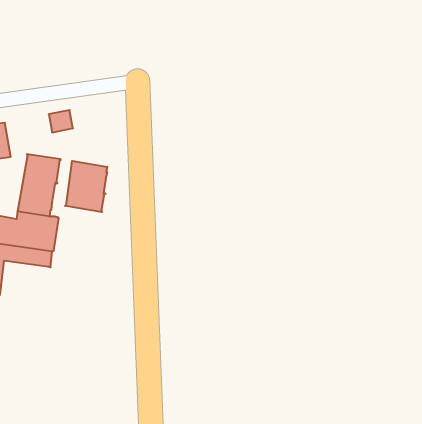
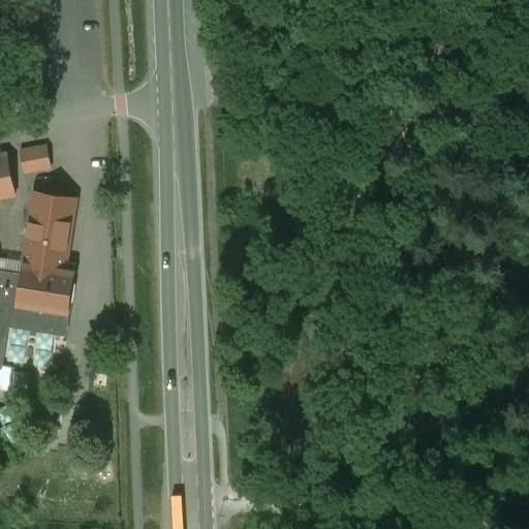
building: [49,110,73,132] -> [20,145,50,173]
building: [65,161,107,212] -> none

